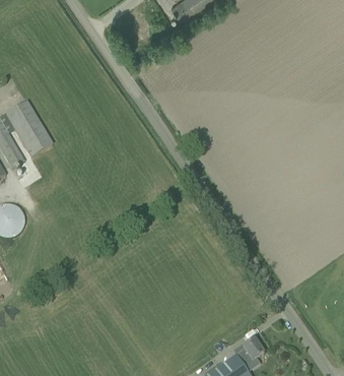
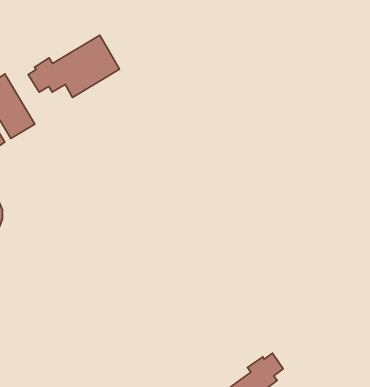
building: none -> [28,35,120,98]

